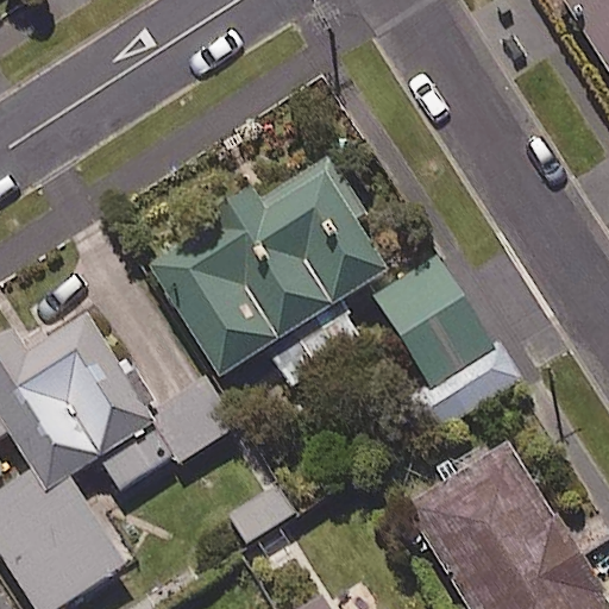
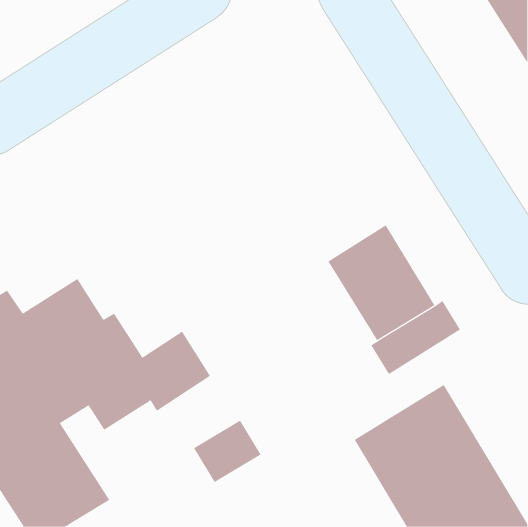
building: [152,163,390,384] -> none

